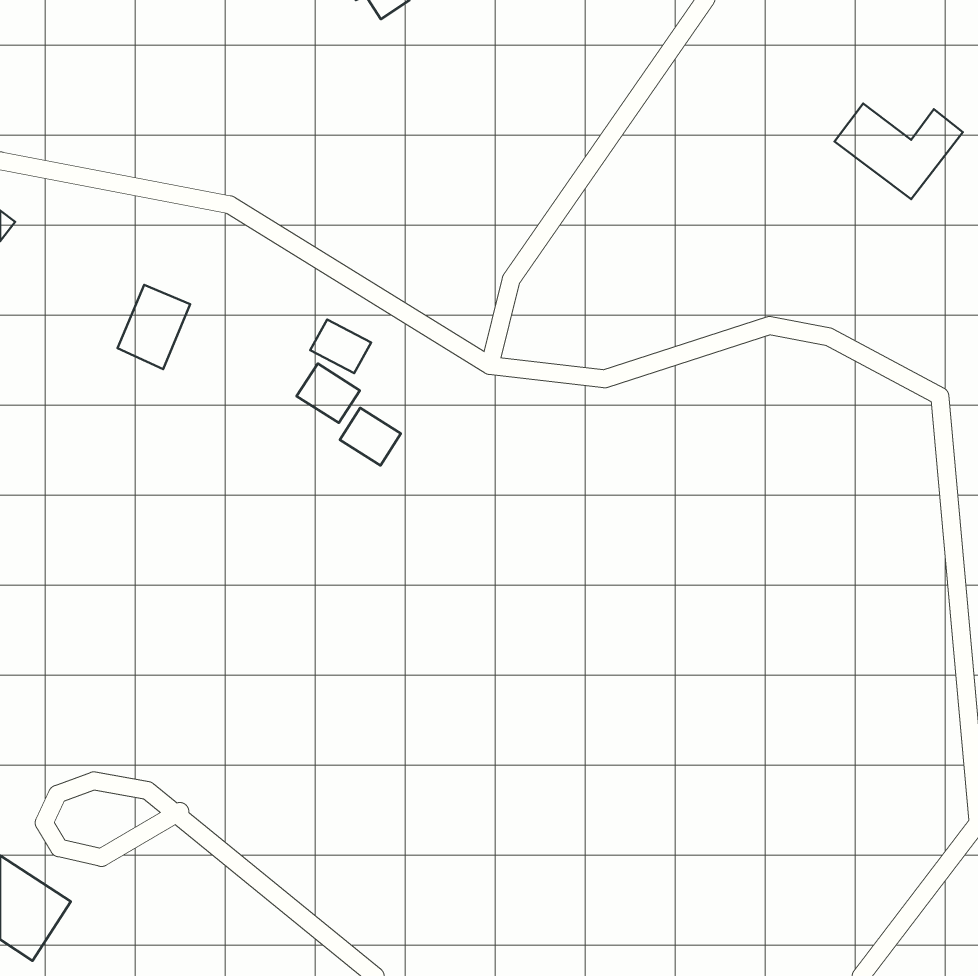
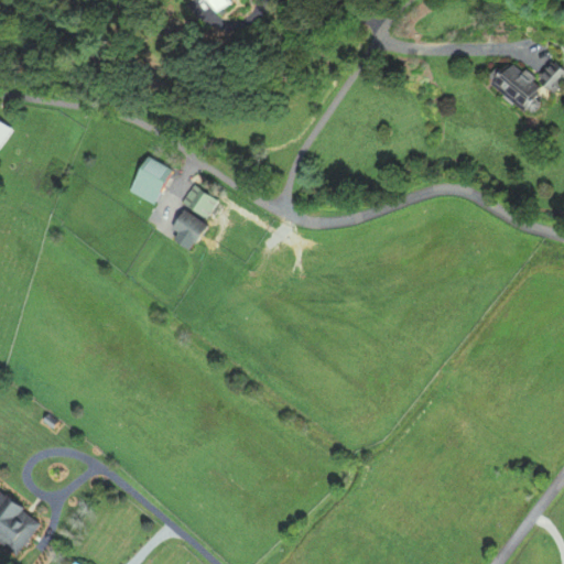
building: [117,285,190,369] -> [128,156,170,205]
building: [340,408,401,466] -> none

